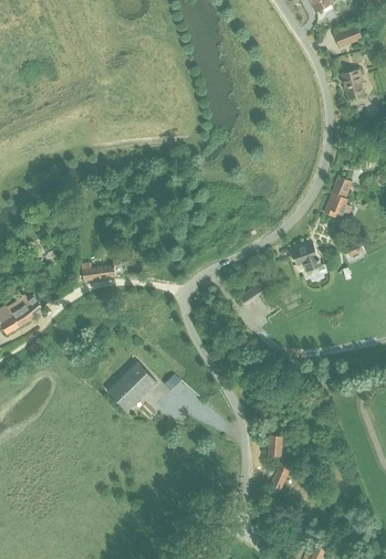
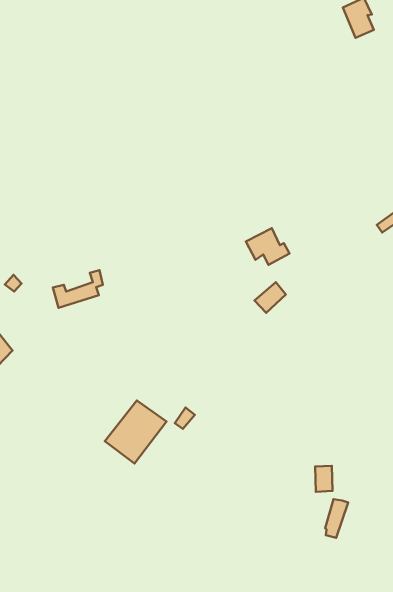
building: [323,176,351,217] -> none
building: [290,242,323,271] -> [246,228,289,265]

